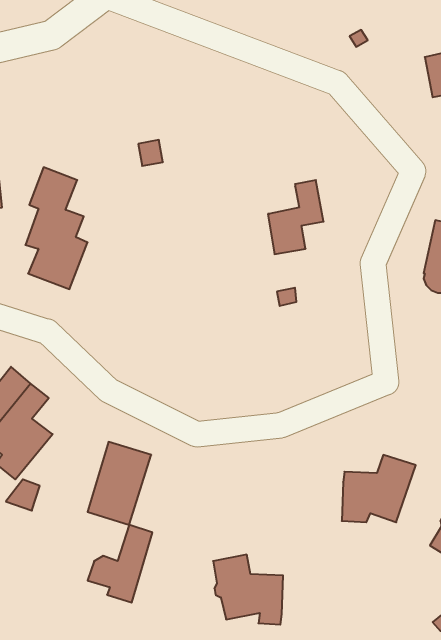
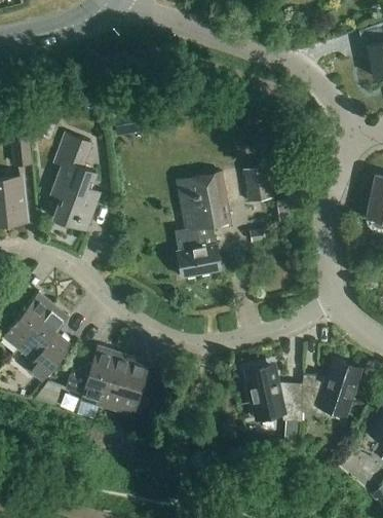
building: none -> [176,173,230,277]
building: [88,525,152,603] -> [66,345,117,407]
building: [213,555,283,625] -> [247,367,303,422]

